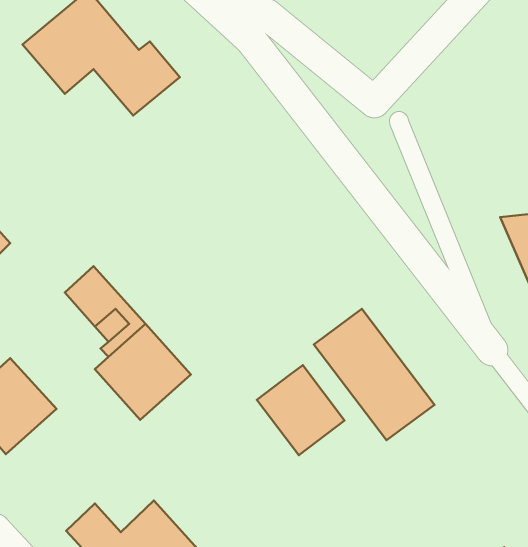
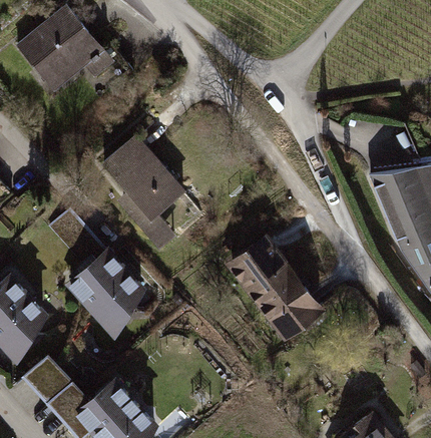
building: none -> [104,137,183,248]
building: [257,365,345,455] -> none
building: none -> [25,356,71,403]

